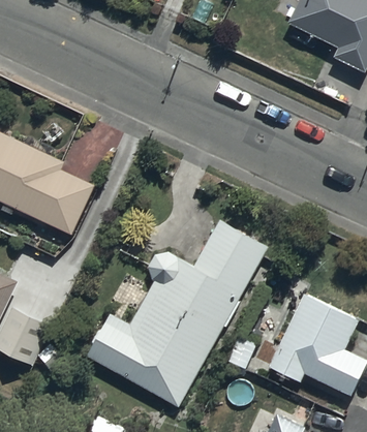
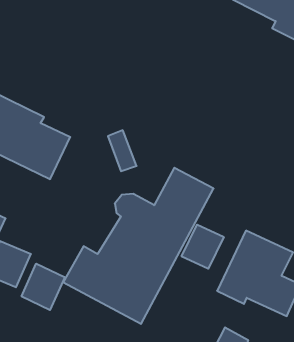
building: none -> [182,225,224,269]
building: none -> [22,264,65,310]

